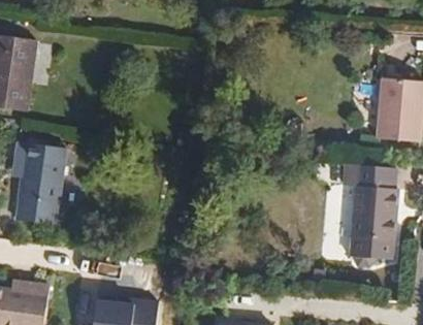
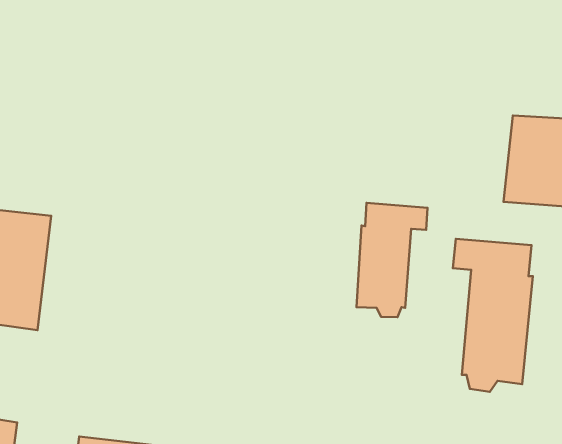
building: none -> [356,203,427,317]

